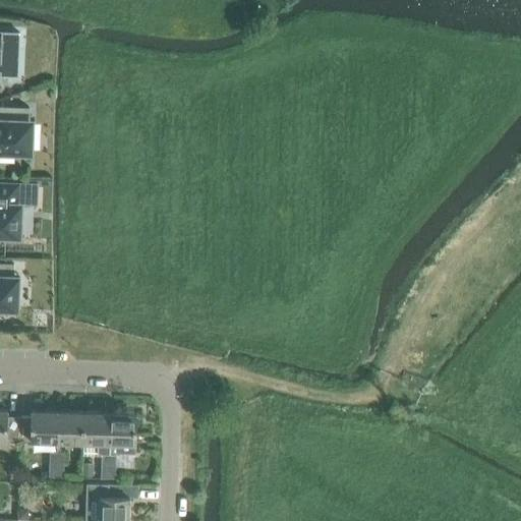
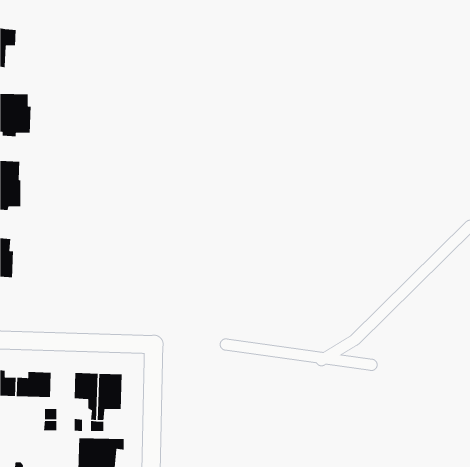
building: [56,415,82,445] -> none

